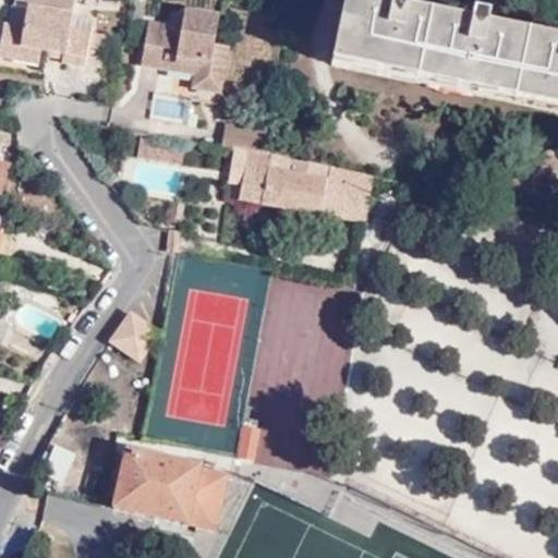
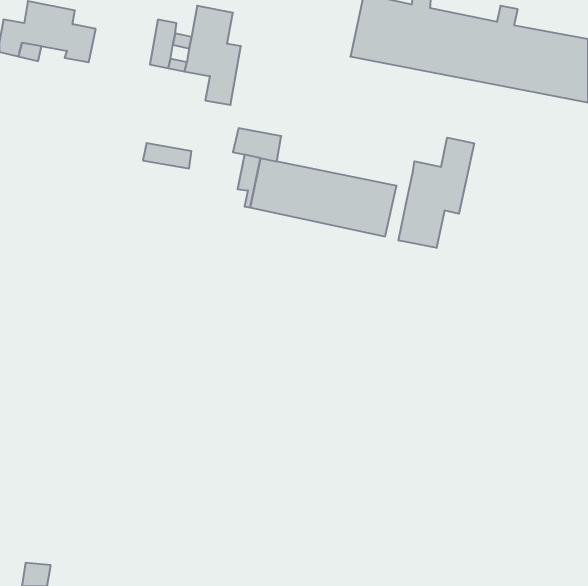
building: none -> [399,138,474,248]
building: [108,312,156,361] -> none
building: [112,450,226,529] -> none

